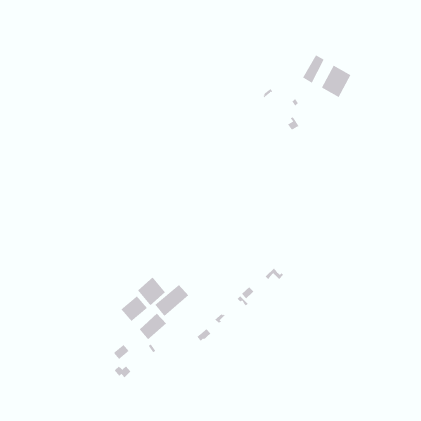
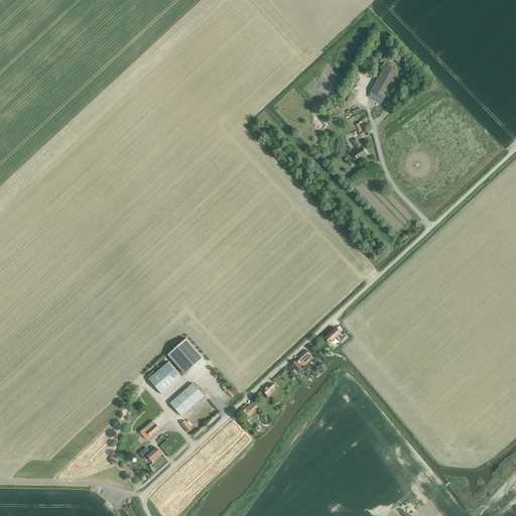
building: [321,65,351,98] -> none
building: [154,284,189,317] -> none

